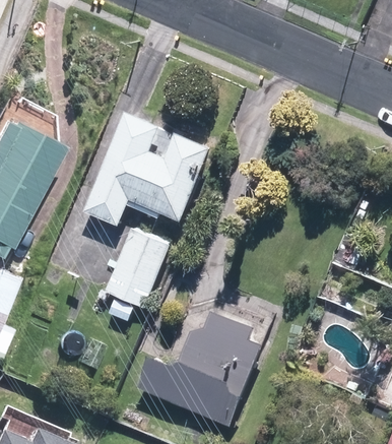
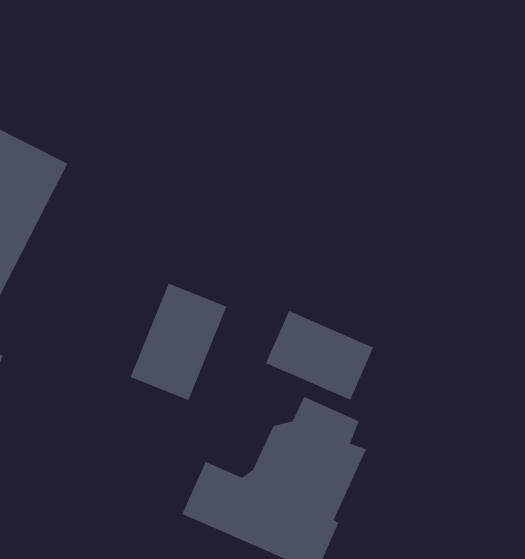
building: [82,111,214,227] -> none
building: none -> [265,310,374,400]

